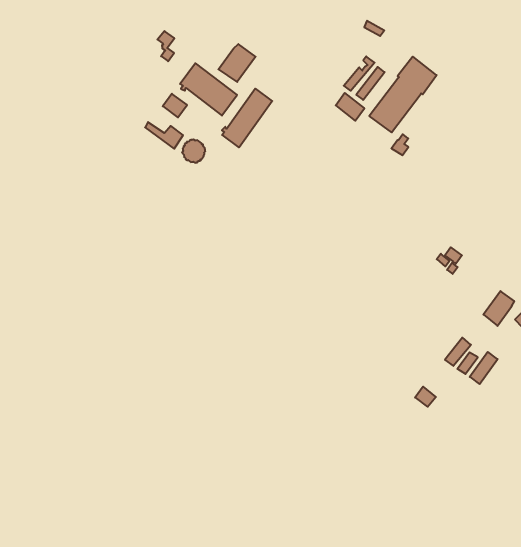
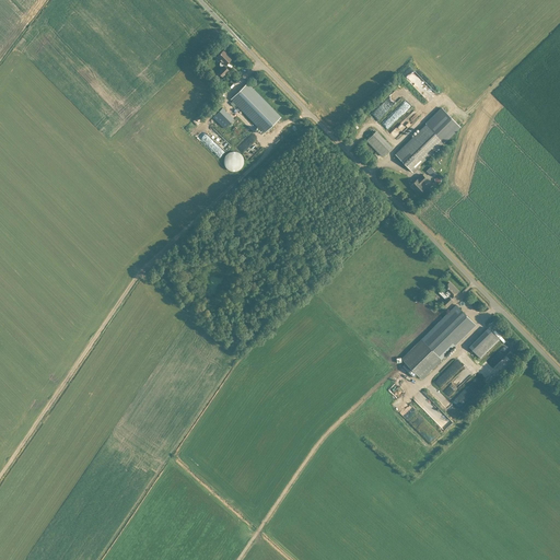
building: [218,44,256,82] -> none
building: [222,89,272,147] -> none
building: none -> [401,305,476,378]

